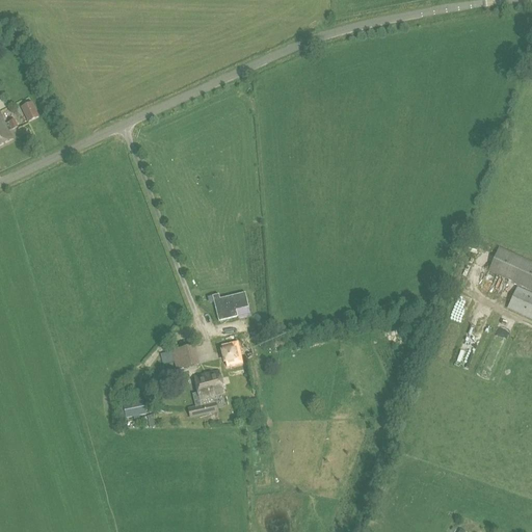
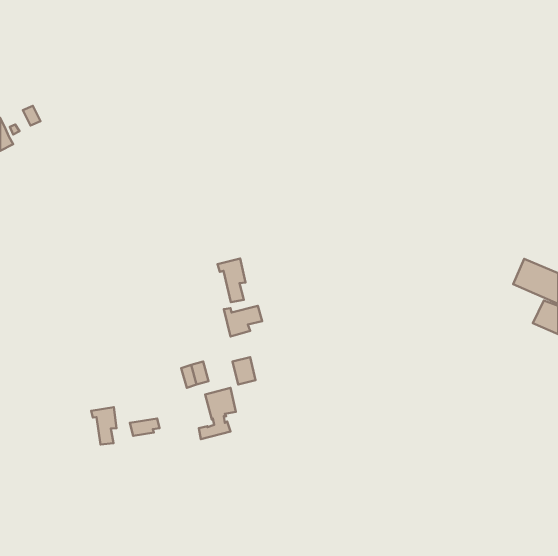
building: none -> [218,259,245,302]
building: none -> [91,407,116,445]

